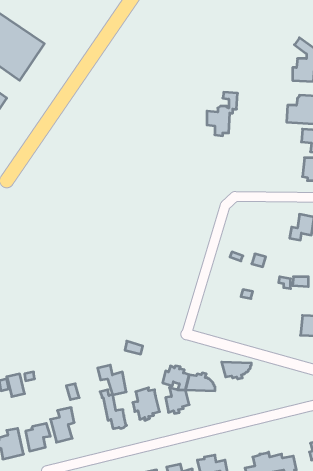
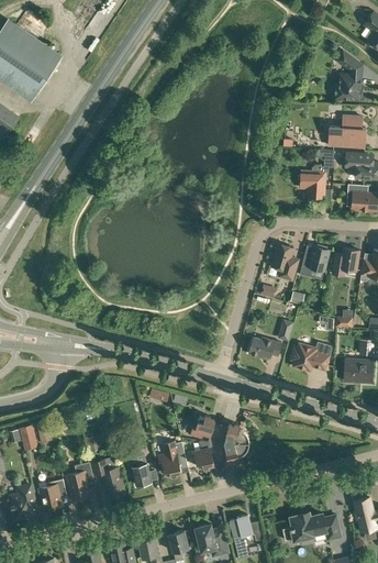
building: [207,92,238,136] -> [300,150,334,198]
building: none -> [271,244,297,280]
building: none -> [300,245,331,277]
building: none -> [248,338,281,357]
building: none -> [291,343,330,371]
building: [222,362,251,379] -> [216,442,249,461]
building: [98,365,126,395] -> [91,459,123,492]

